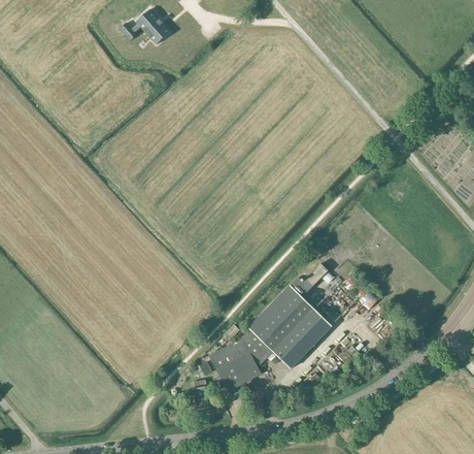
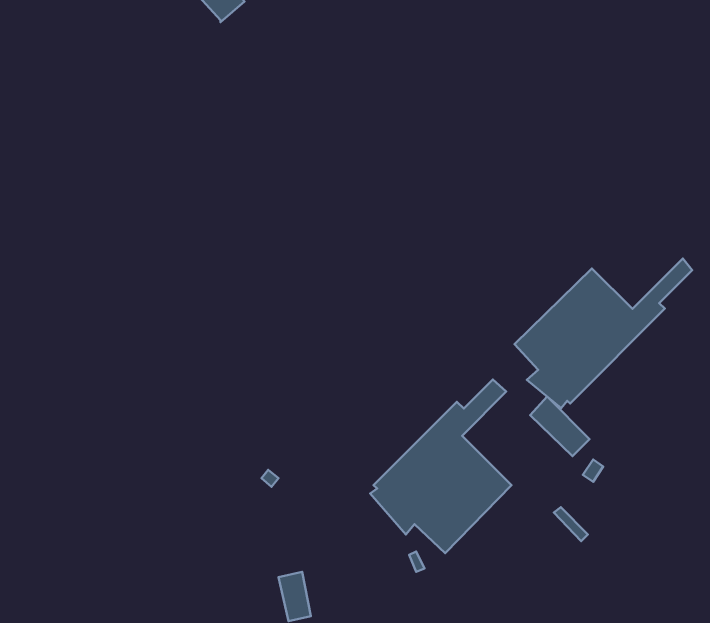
building: none -> [515,259,692,408]
building: [209,331,268,390] -> none

